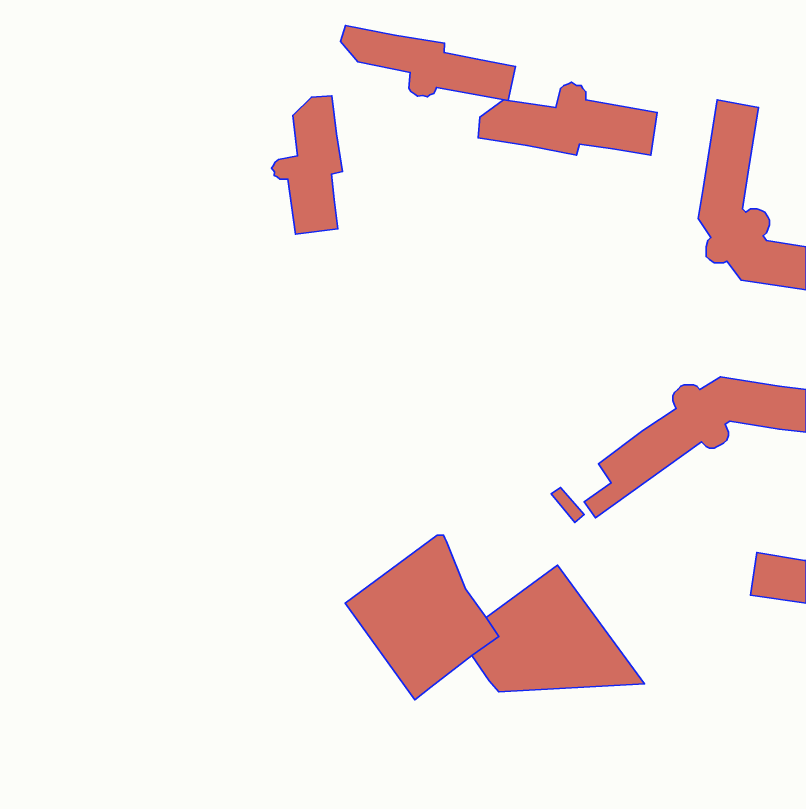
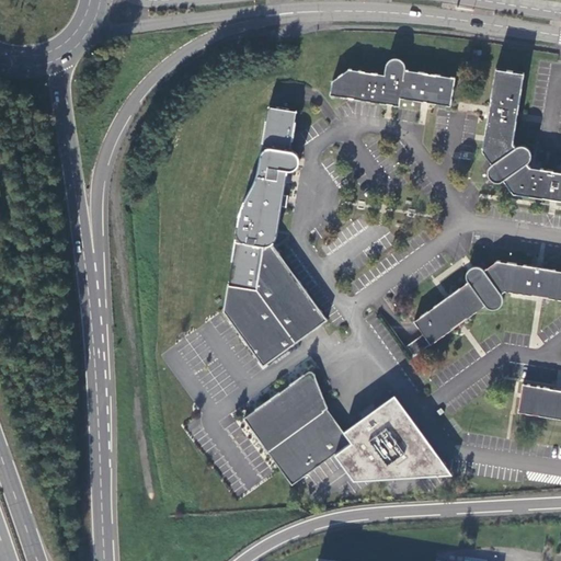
building: [341,26,516,100] -> none
building: [272,96,343,234] -> none
building: none -> [224,106,328,366]

